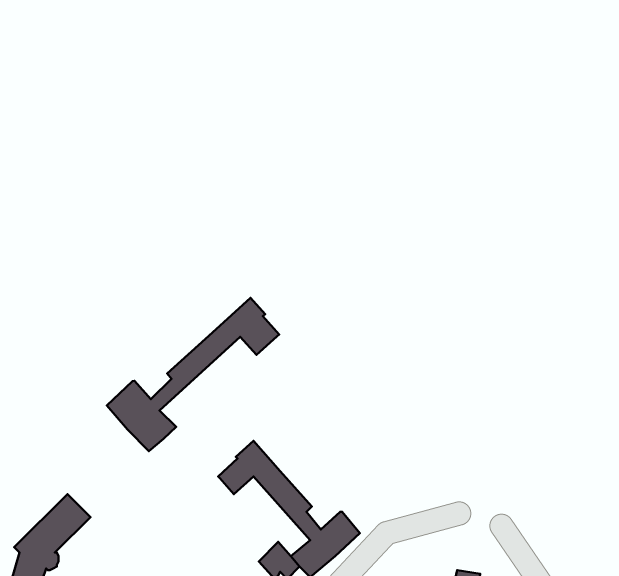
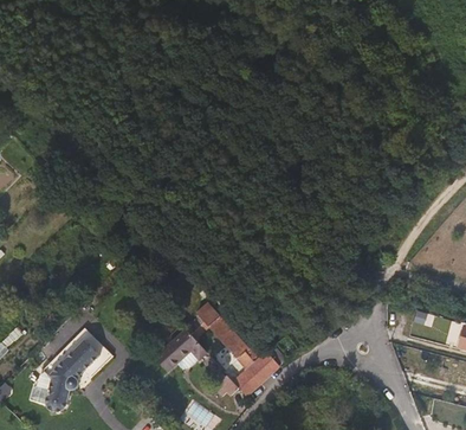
building: [107,298,279,451] -> none
building: none -> [155,328,207,371]

